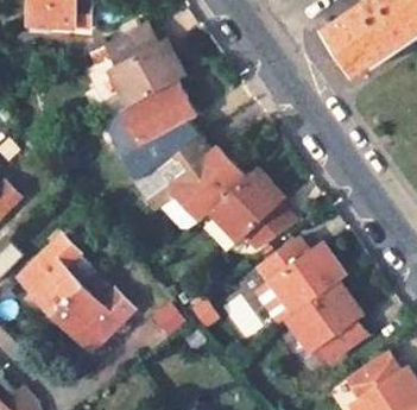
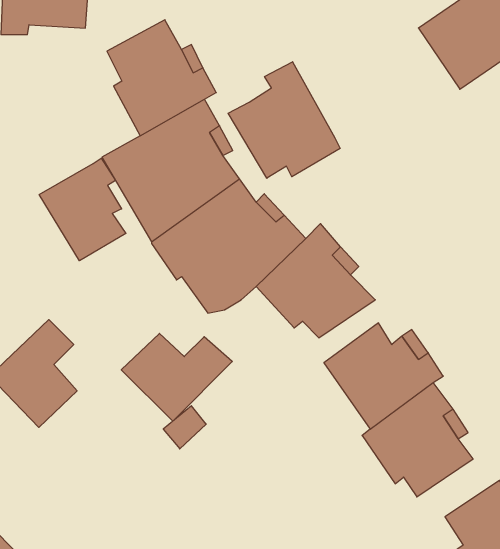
building: none -> [228,62,340,178]
building: none -> [39,158,126,261]
building: [55,288,134,351] -> [121,333,232,421]

